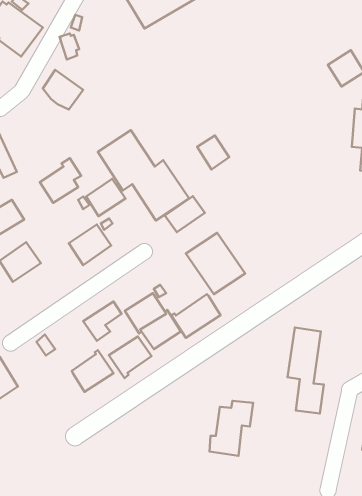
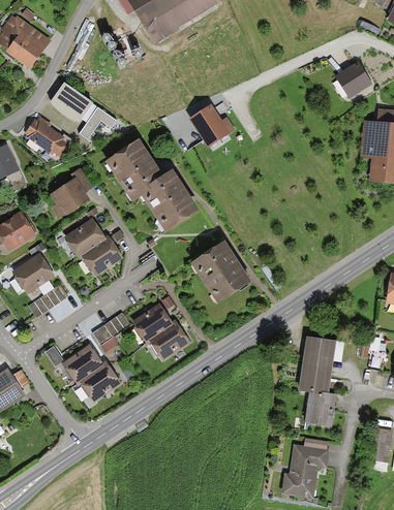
building: none -> [81,106,118,138]
building: none -> [26,116,69,155]
building: [197,135,229,170] -> [194,106,226,140]
building: [86,179,126,216] -> [63,219,102,256]
building: [165,196,205,232] -> none
building: none -> [31,283,68,315]
building: [171,294,220,338] -> none
building: [109,337,151,378] -> [63,345,105,386]
building: [210,401,253,456] -> [282,439,326,493]

